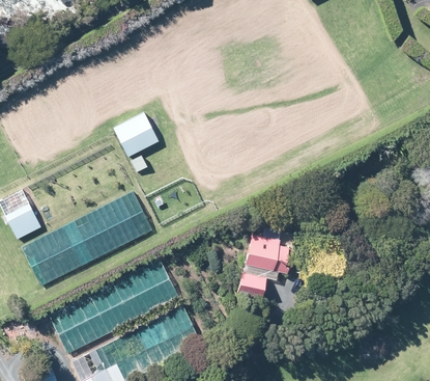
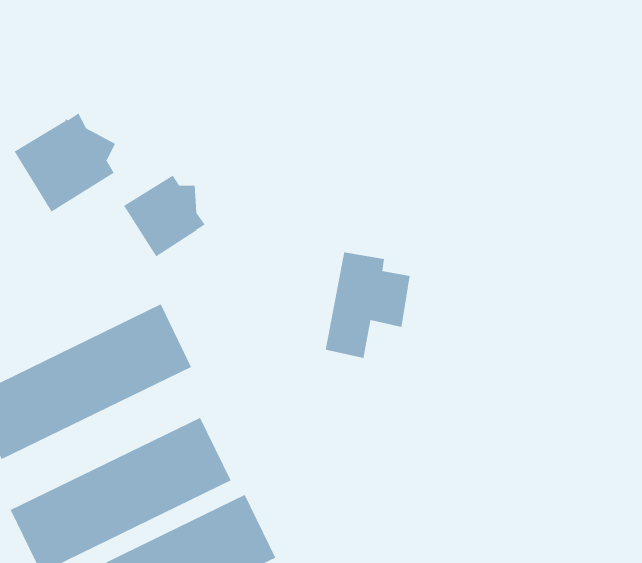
building: none -> [14,112,116,213]
building: [240,232,292,296] -> [325,252,411,358]

